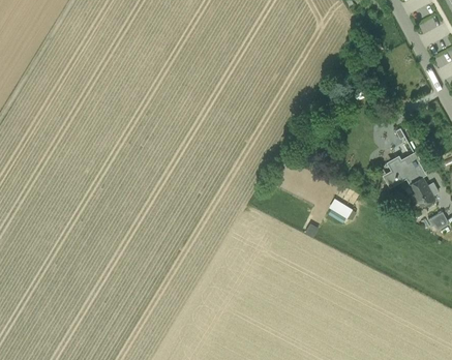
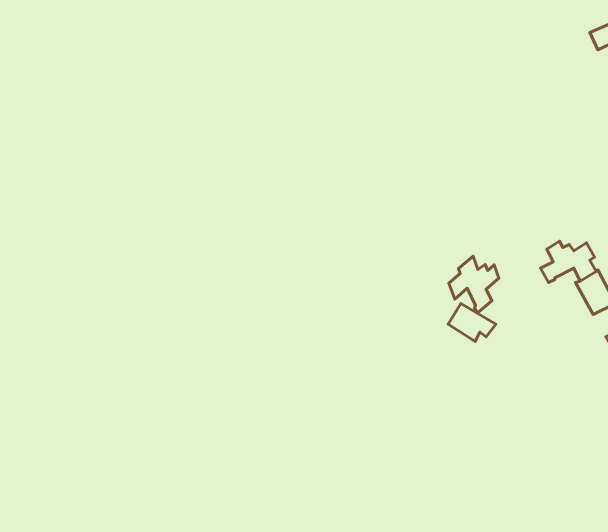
building: none -> [449,256,499,313]

